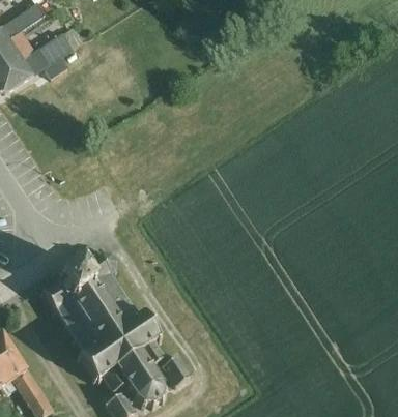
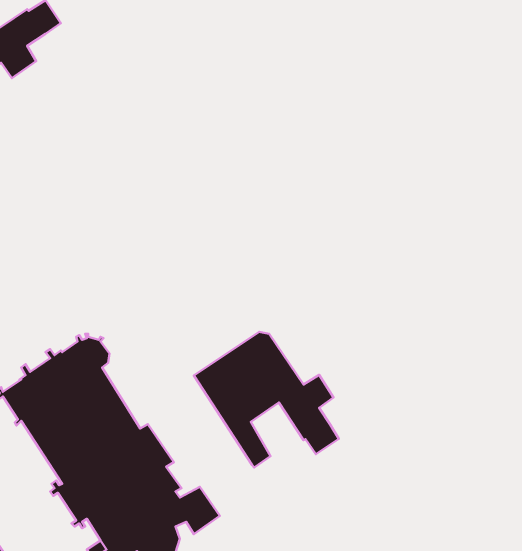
building: none -> [194,332,339,467]

